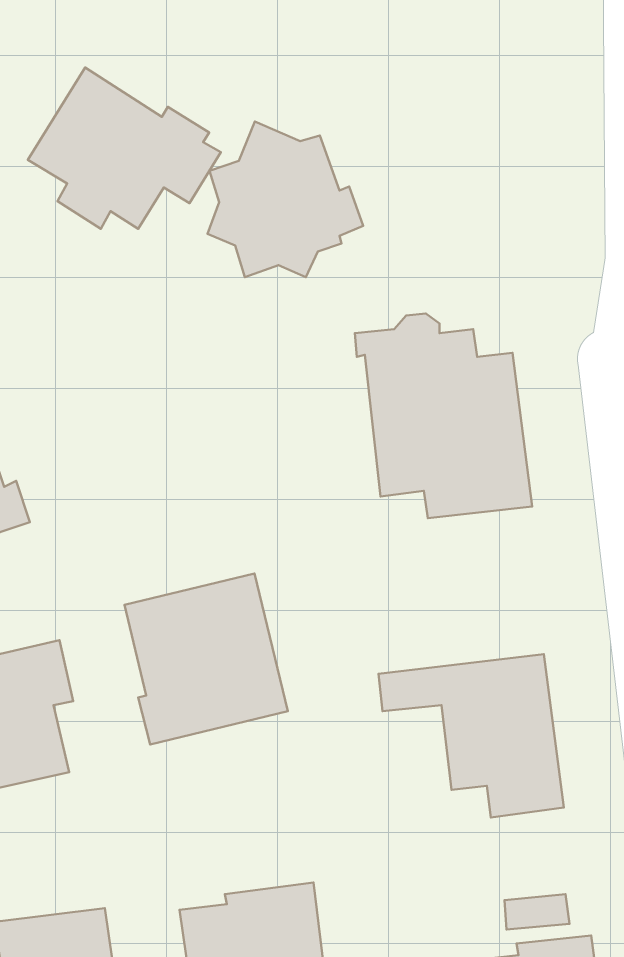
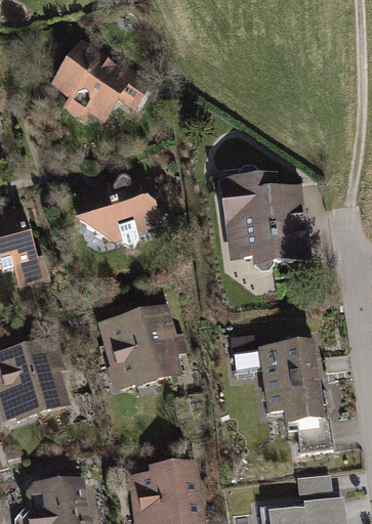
building: [207,122,363,277] -> [79,166,160,247]

